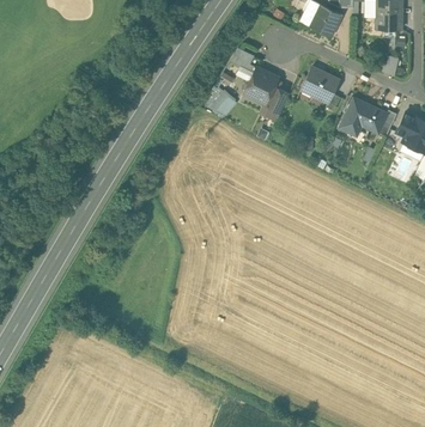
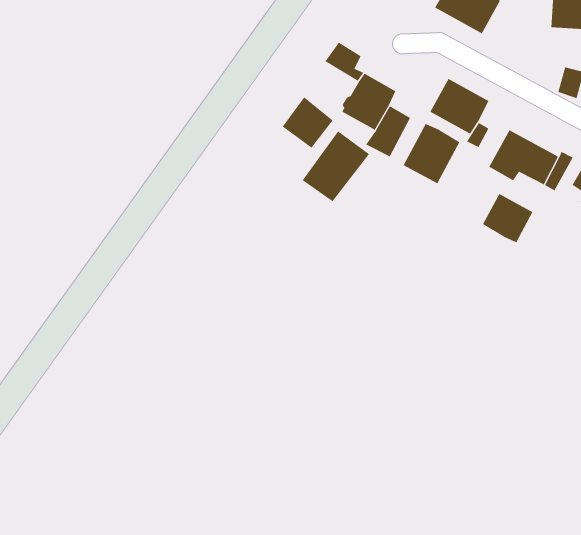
building: none -> [403,123,460,184]
building: none -> [302,131,370,202]
building: none -> [482,193,533,243]

